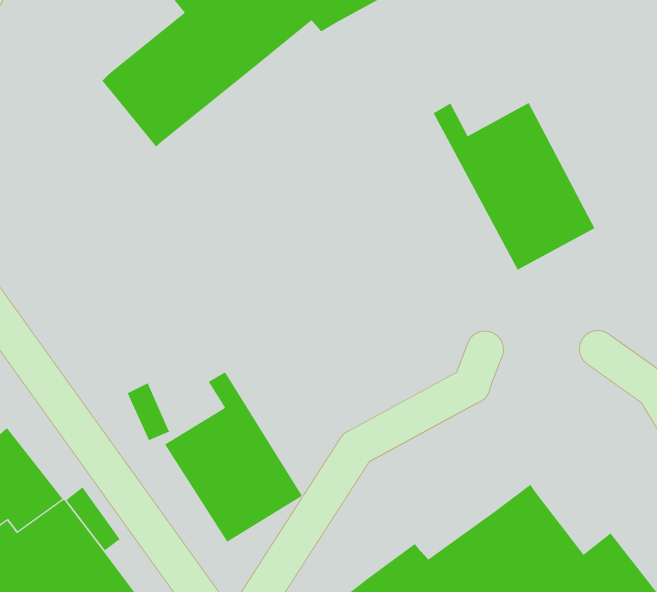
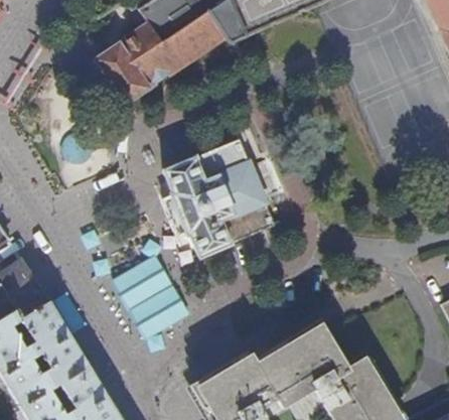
building: [433,102,595,271] -> none
building: none -> [161,141,273,257]

